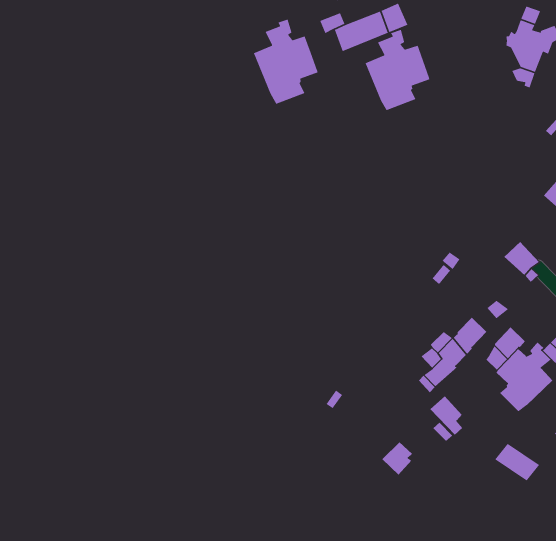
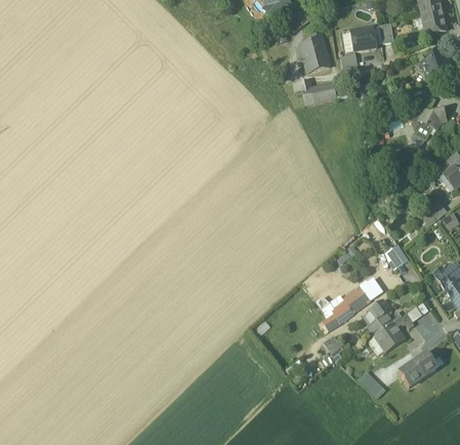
building: [253,19,318,105] -> none
building: [365,29,430,111] -> none

